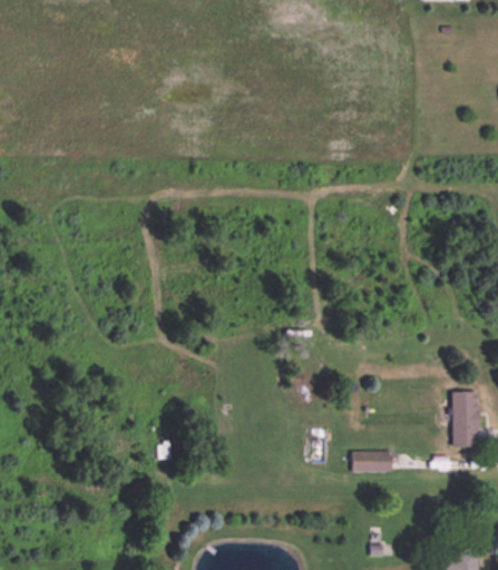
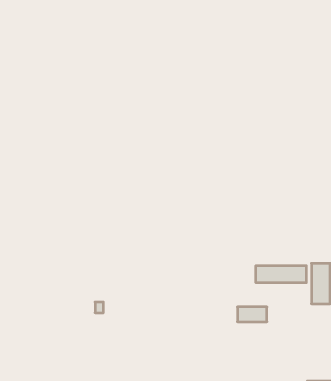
building: none -> [256,266,306,283]

